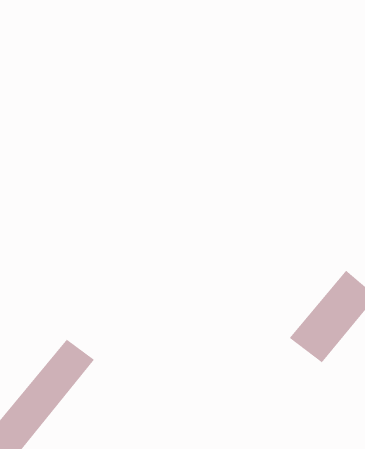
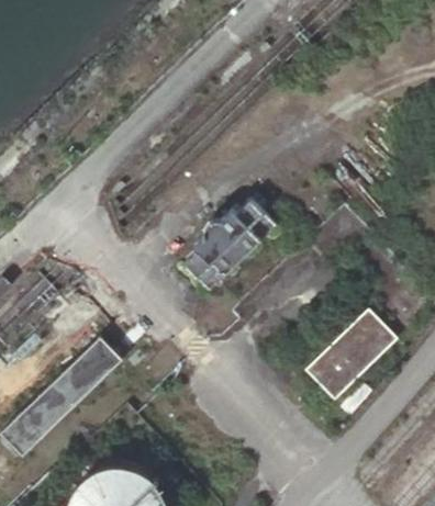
building: none -> [177,200,271,293]

